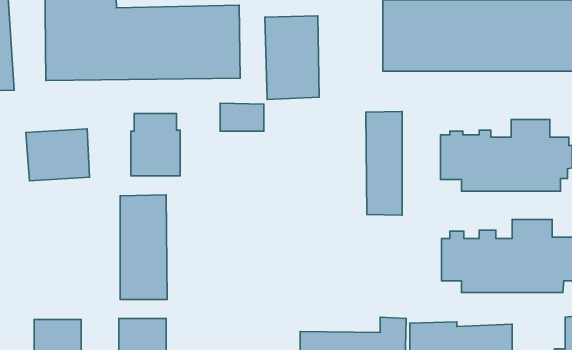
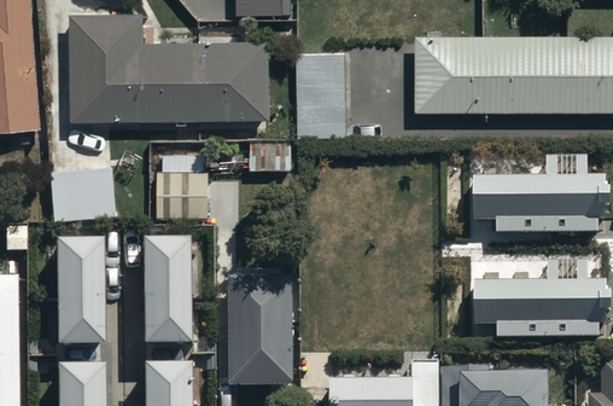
building: [366,112,402,215] -> none
building: none -> [58,238,106,346]
building: none -> [230,256,293,387]

